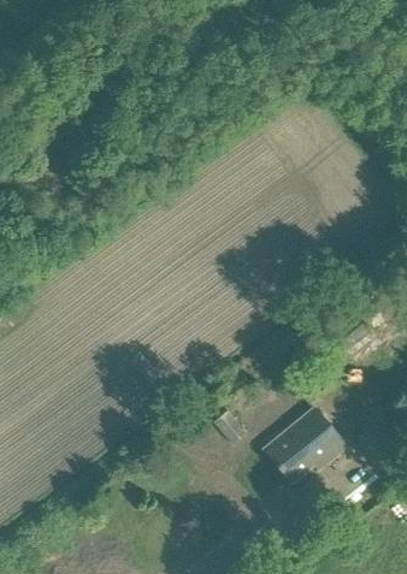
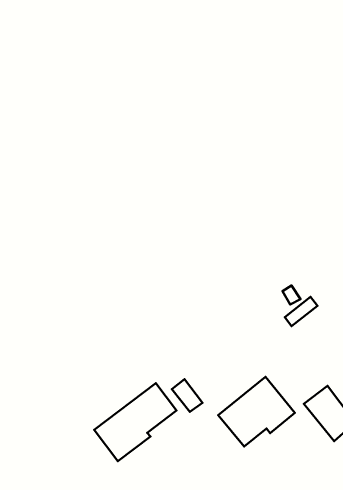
building: none -> [94,383,176,461]

